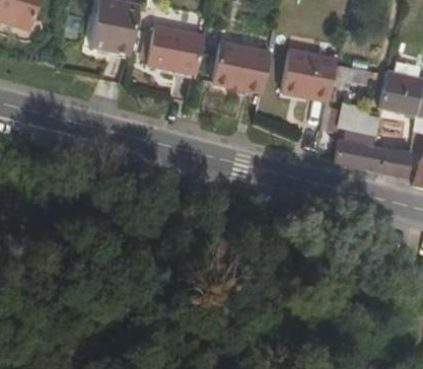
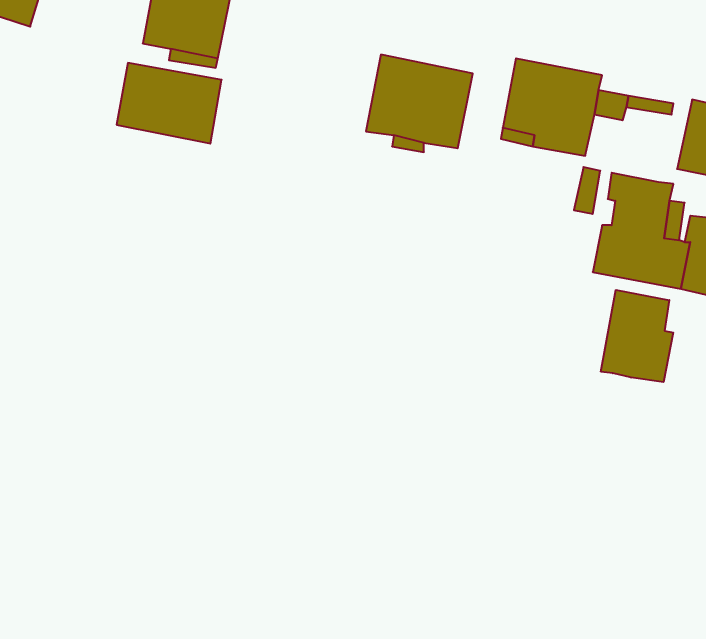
building: [147,26,204,70] -> [117,63,222,144]
building: none -> [601,290,673,382]

